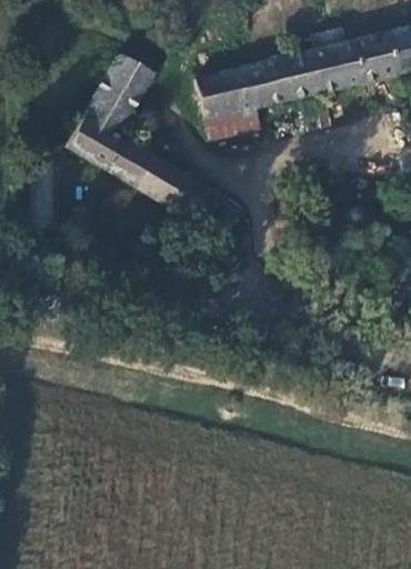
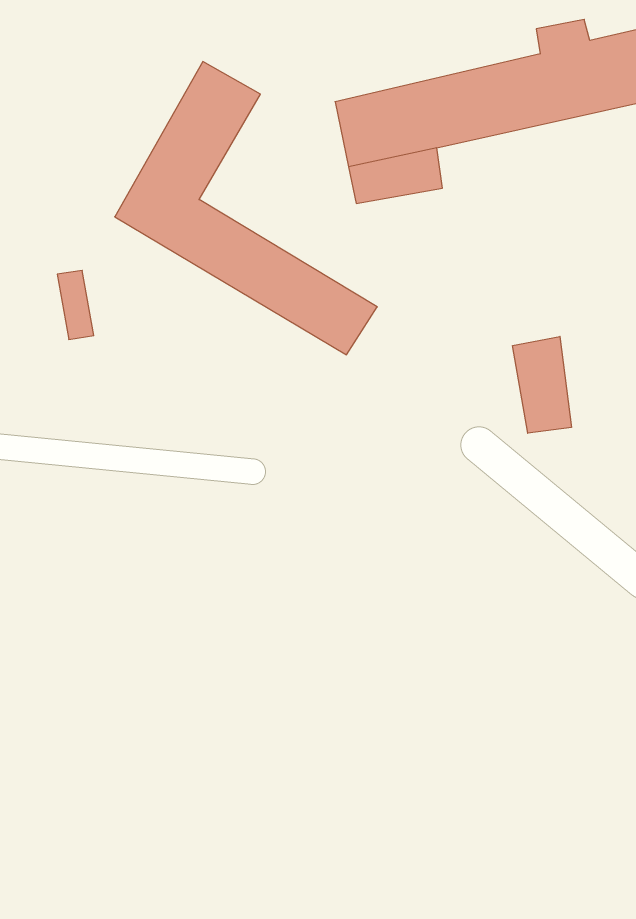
building: none -> [513,336,571,433]

